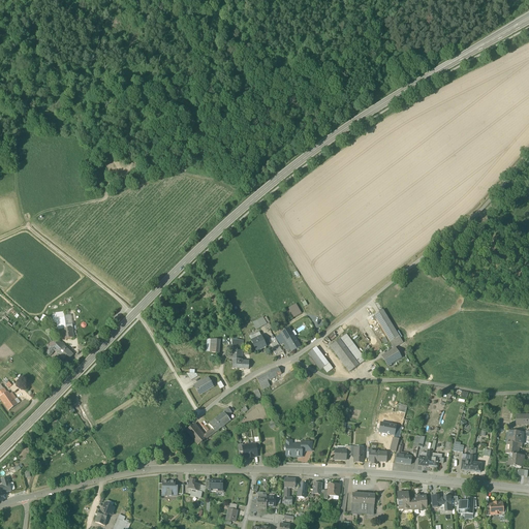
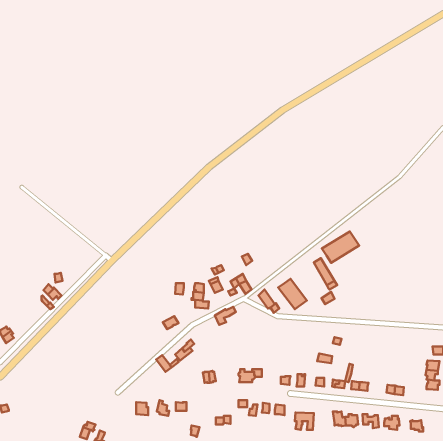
building: none -> [322,231,359,263]

